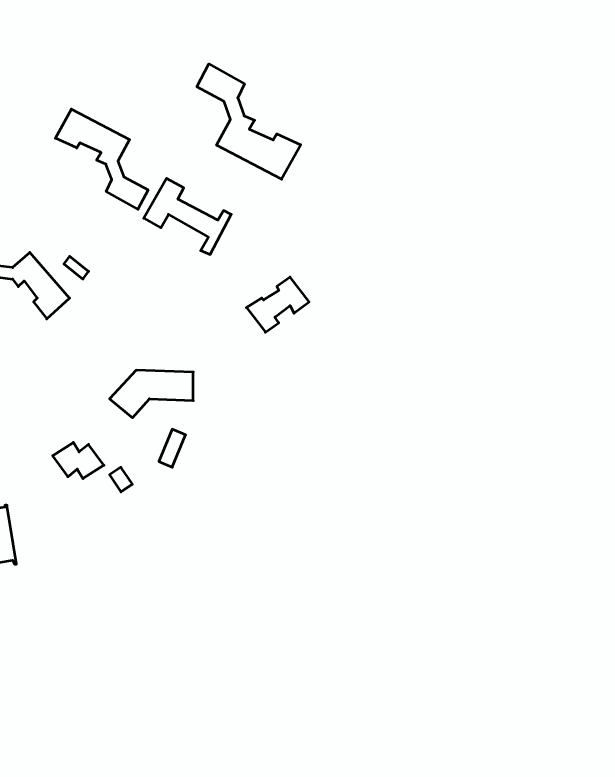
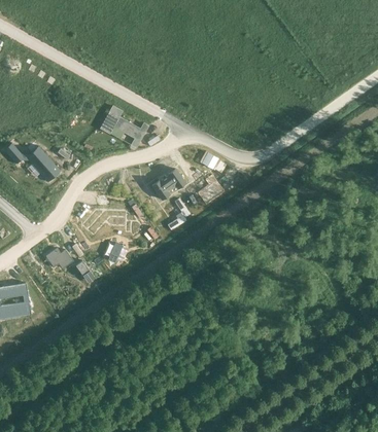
building: [197,64,301,179] -> none
building: [55,109,148,209] -> none

